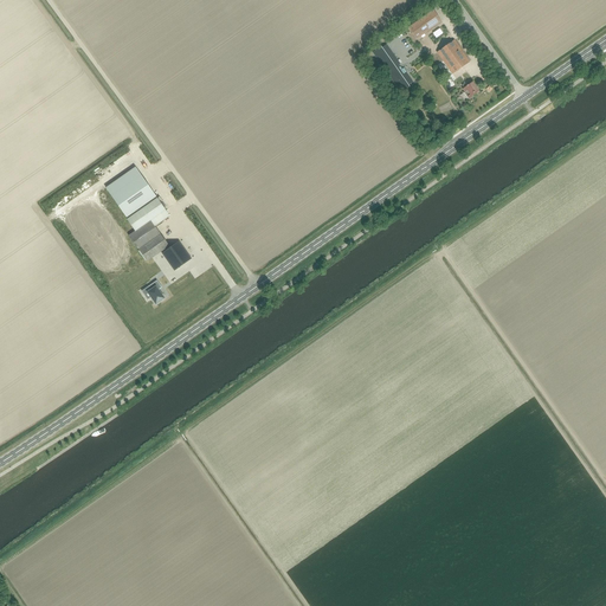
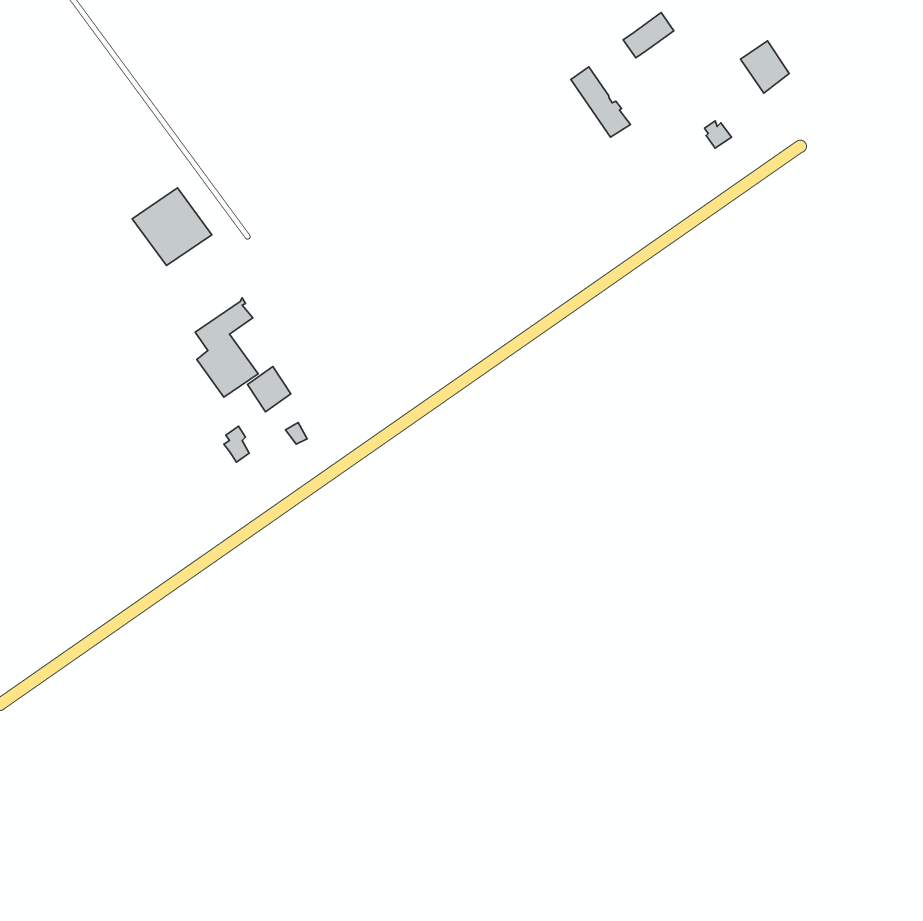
building: [437,39,469,73] -> [740,41,789,93]
building: [105,167,157,218] -> [132,188,212,266]

